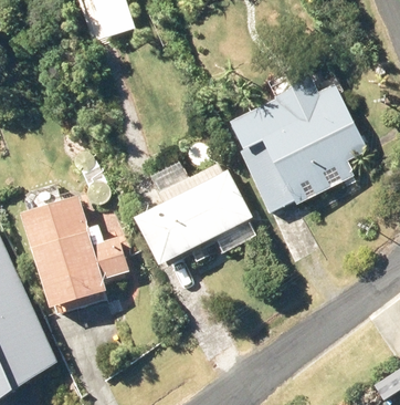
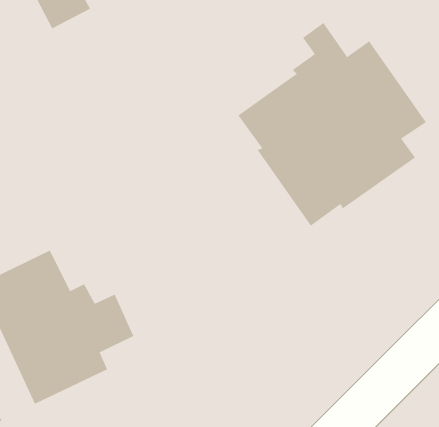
building: [135,162,253,266] -> none

